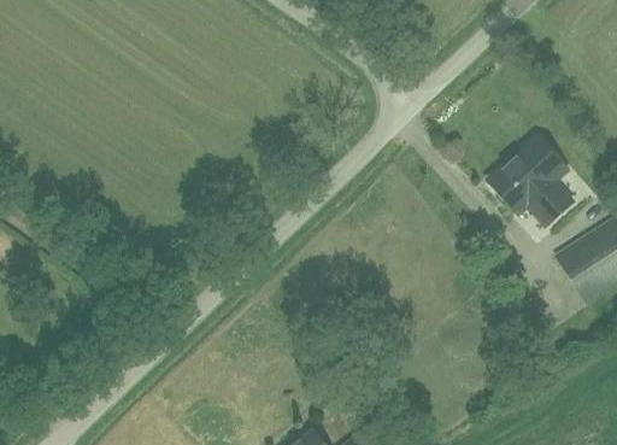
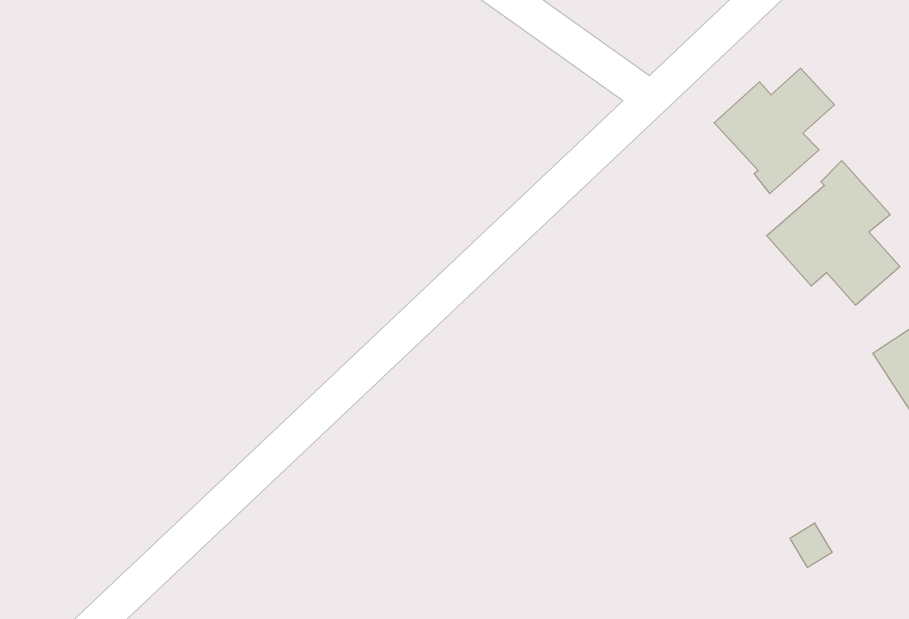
building: none -> [714,68,834,194]

